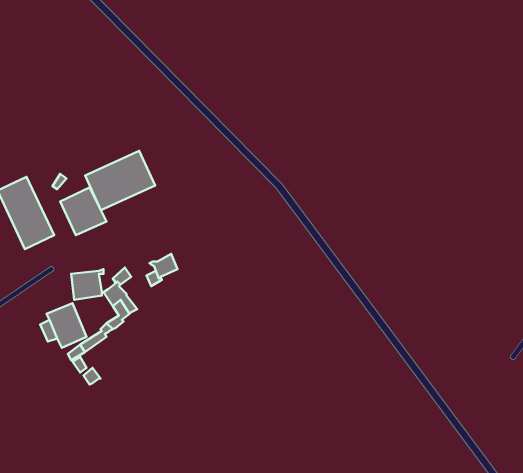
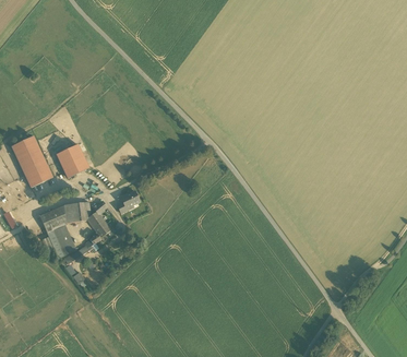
building: [85,151,155,210] -> none
building: none -> [39,204,67,233]

